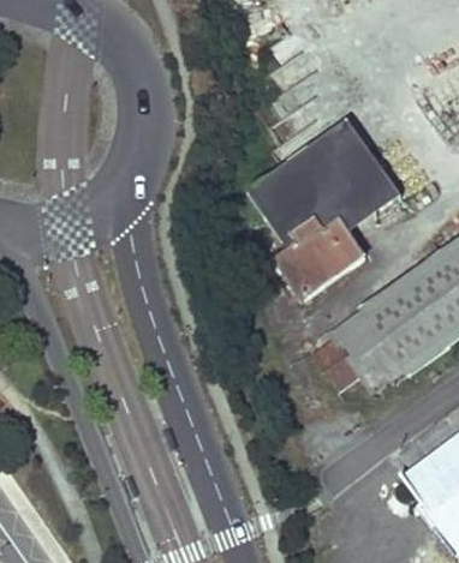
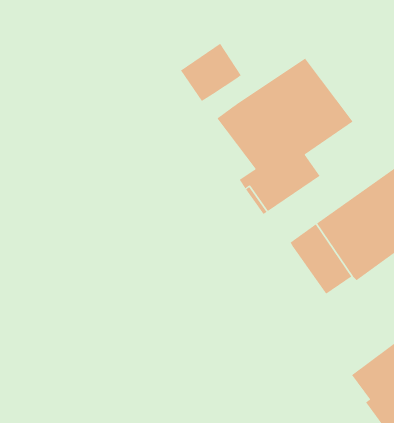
building: none -> [180,43,242,102]
building: [316,334,362,384] -> none

